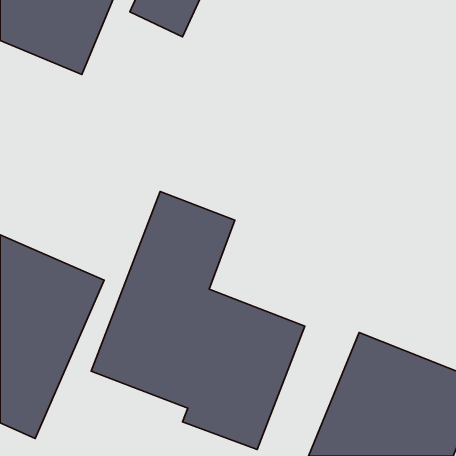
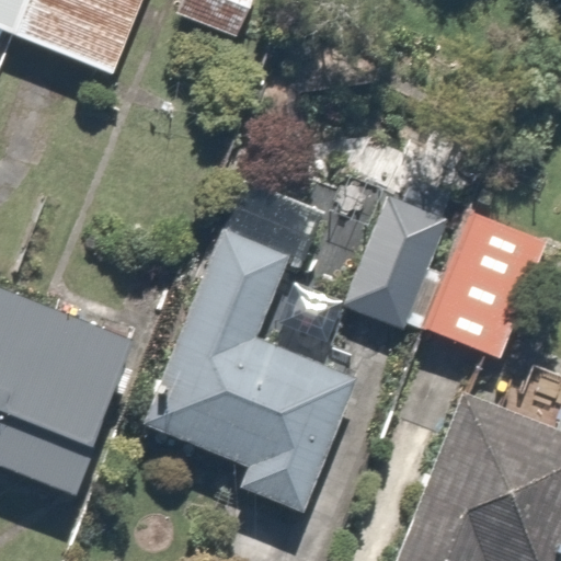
building: none -> [329,165,462,341]
building: none -> [421,210,541,362]

